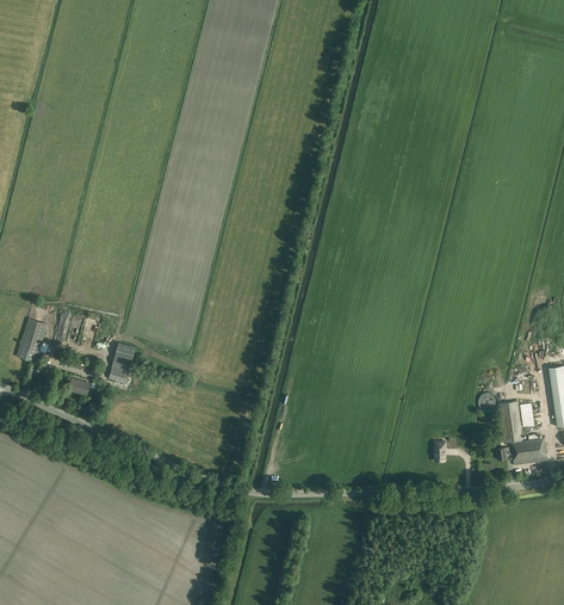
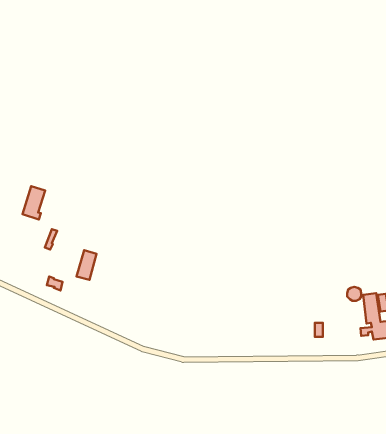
building: [16,317,47,363] -> [22,186,45,219]

